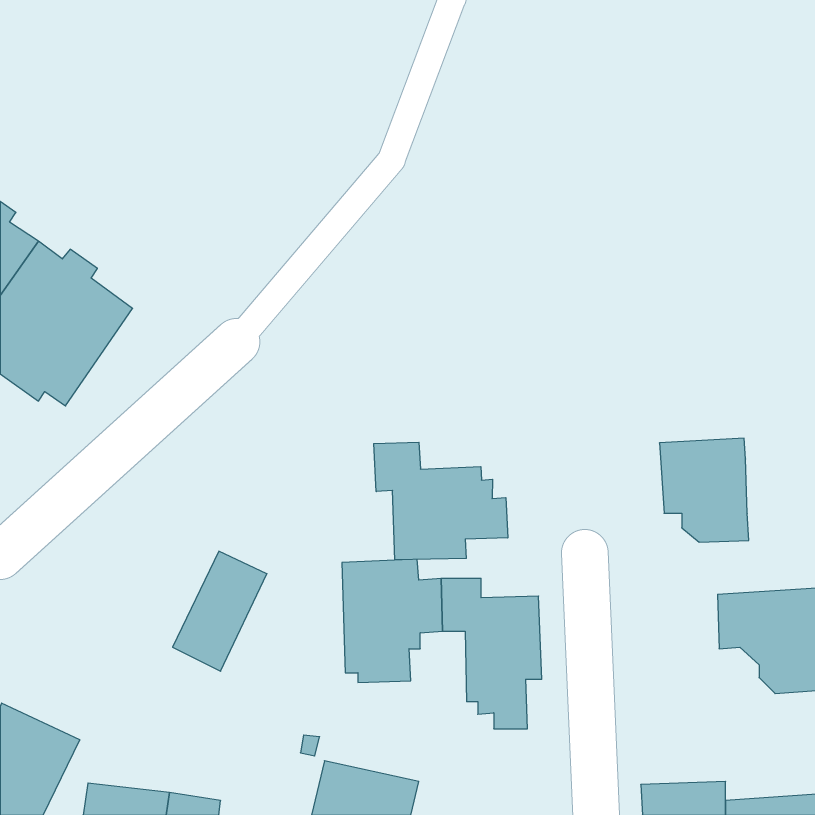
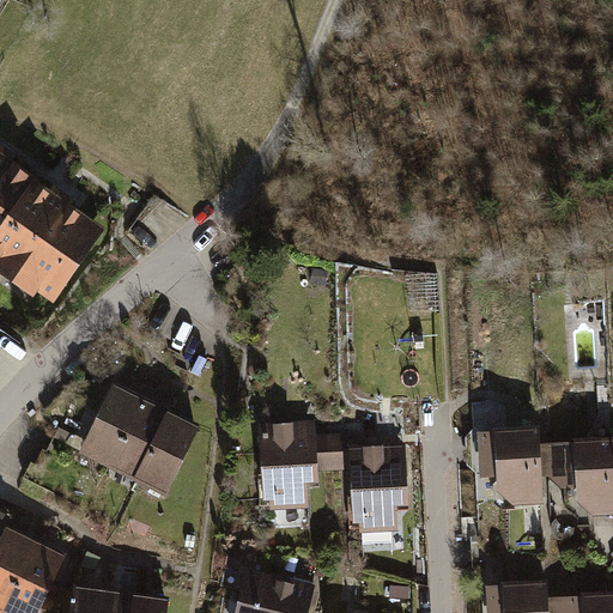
building: [659,438,749,542] -> [474,430,541,508]
building: [374,442,508,560] -> none
building: none -> [75,372,165,485]

